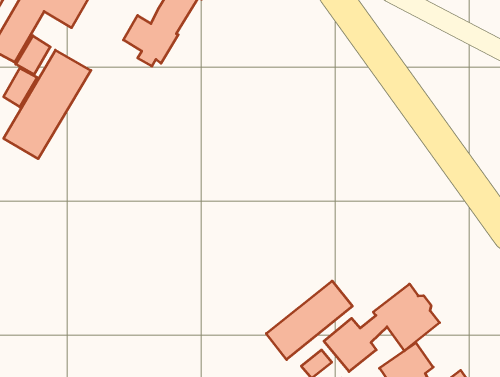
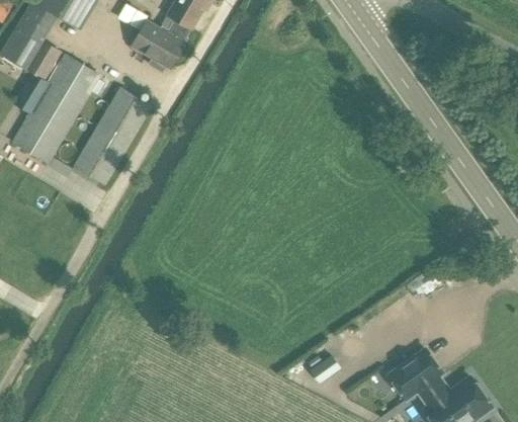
building: none -> [74,88,151,184]
building: [266,281,352,360] -> none
building: [324,284,440,372] -> none

